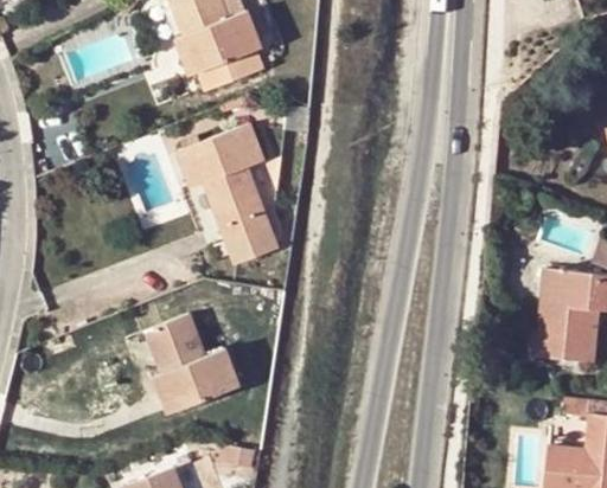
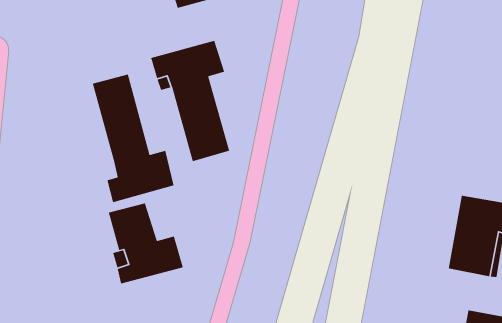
building: none -> [92,73,174,203]

